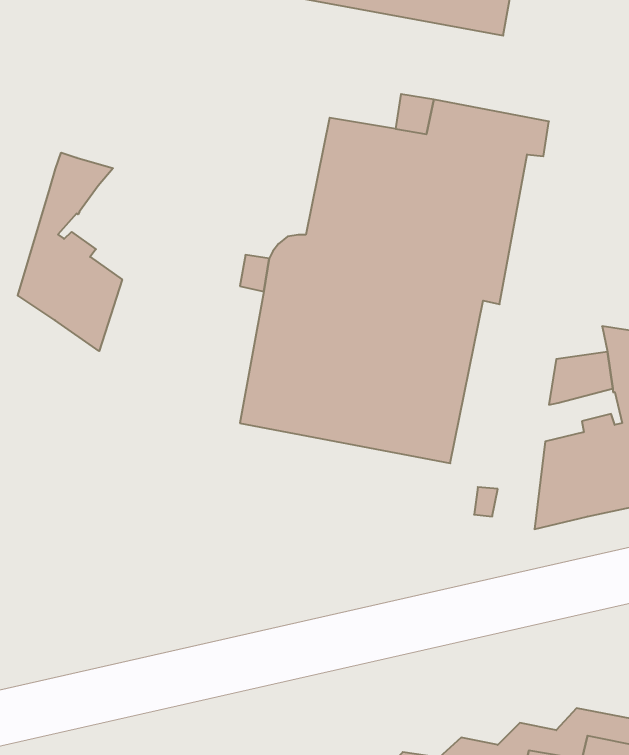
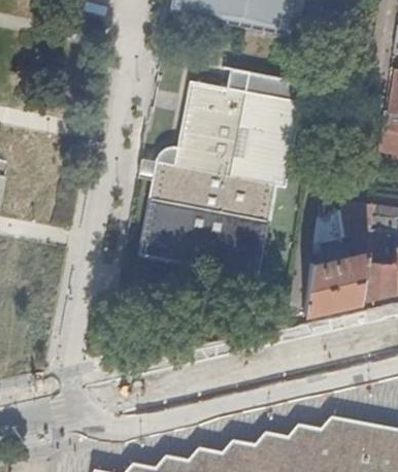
building: [18,153,122,351] -> none

